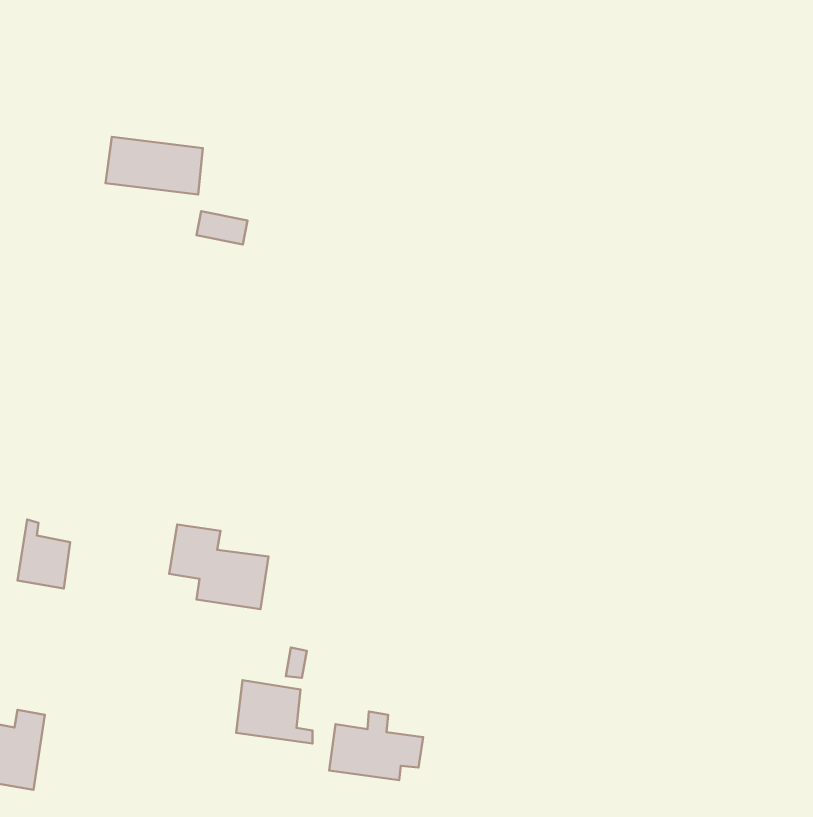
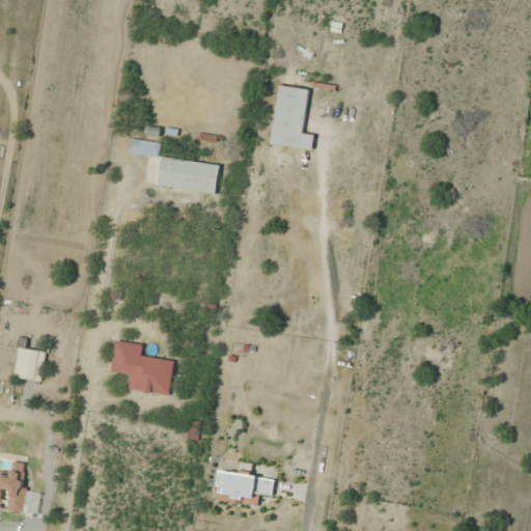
building: none -> [270,84,313,150]
building: [106,137,203,194] -> [156,157,219,194]
building: [236,680,312,743] -> none

